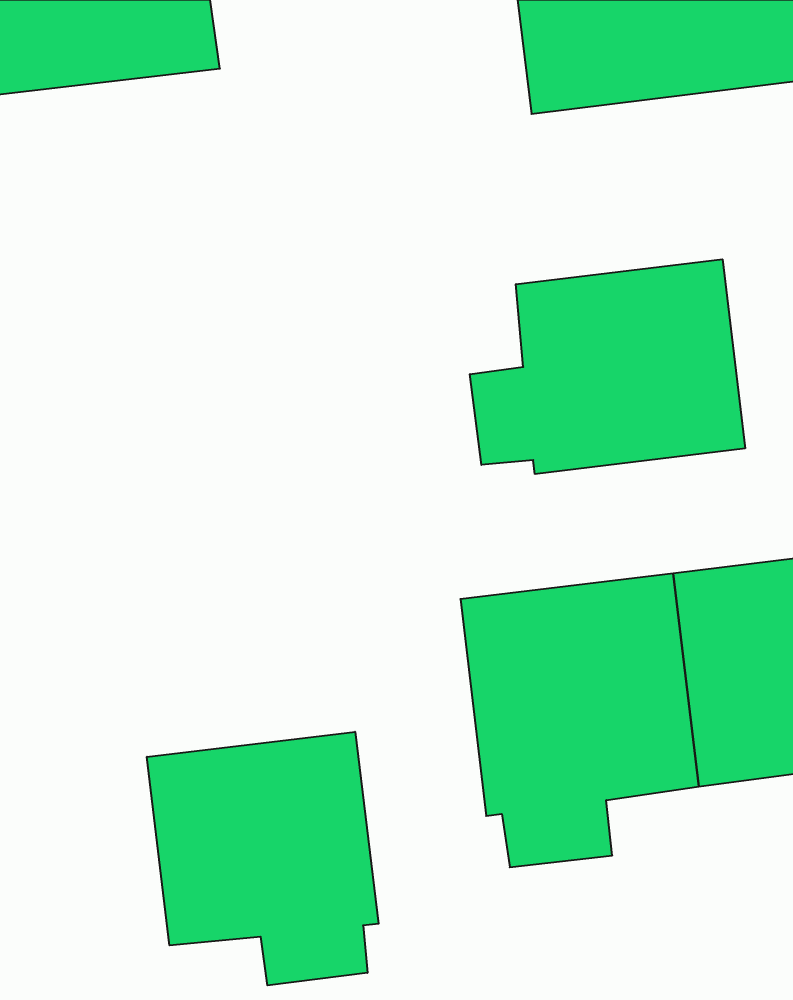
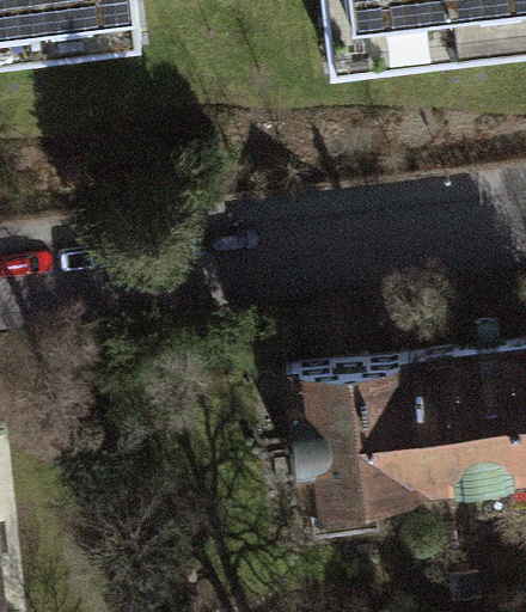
building: [470,259,745,474] -> none
building: [147,732,379,985] -> none

